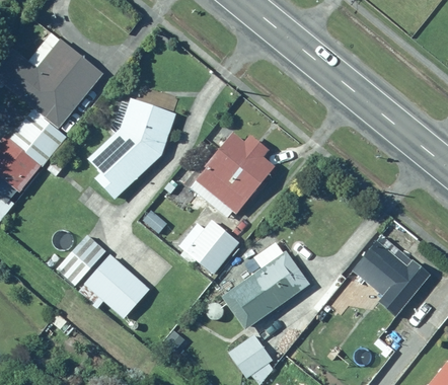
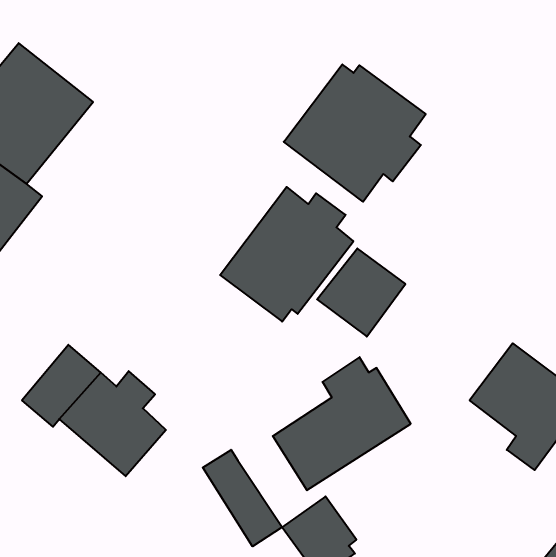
building: none -> [284,64,426,202]
building: [87,98,177,201] -> none
building: [181,219,239,277] -> [317,248,405,337]
building: none -> [203,450,282,546]

